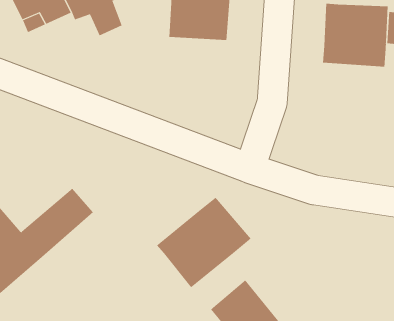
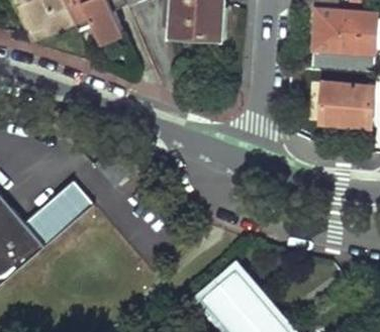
building: none -> [317,80,371,125]
building: [156,197,251,288] -> none

